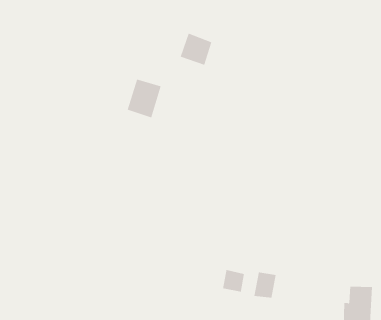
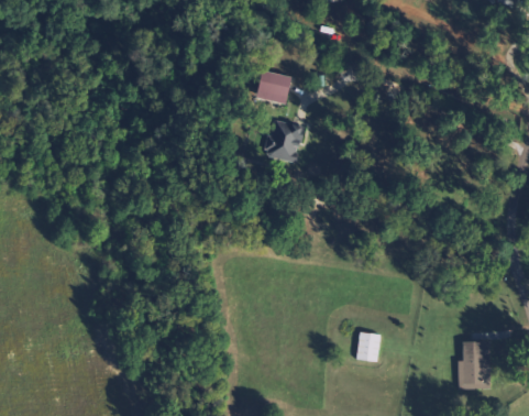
building: [127,79,162,118] -> [265,120,302,163]
building: [223,269,244,292] -> none

